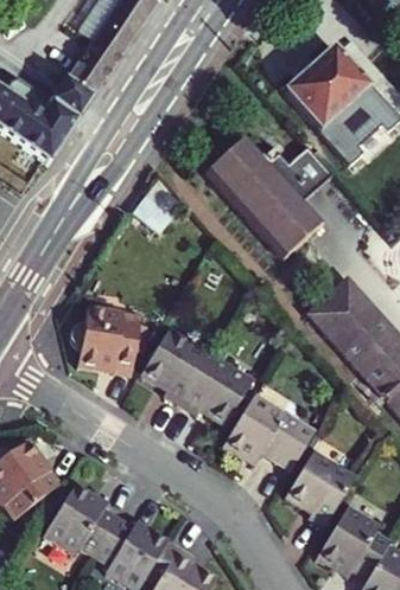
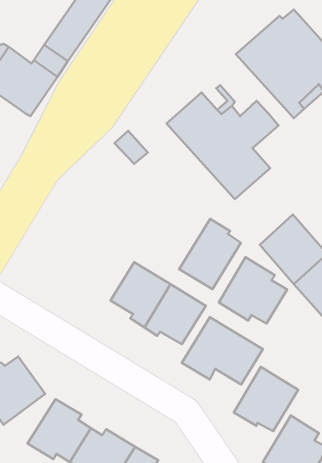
building: none -> [179,219,241,289]
building: [70,308,139,374] -> none
building: none -> [219,257,287,324]

